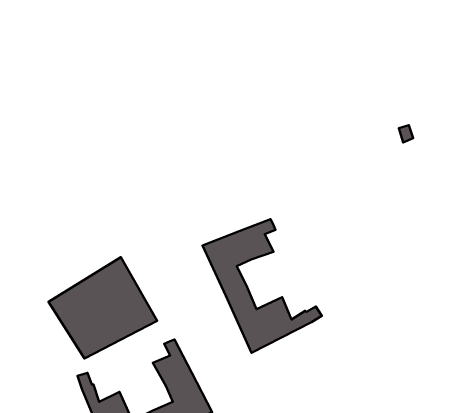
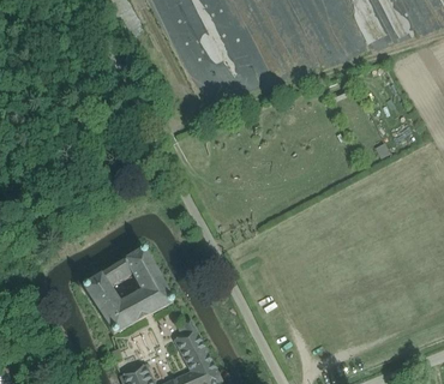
building: [203,219,322,353] -> none

